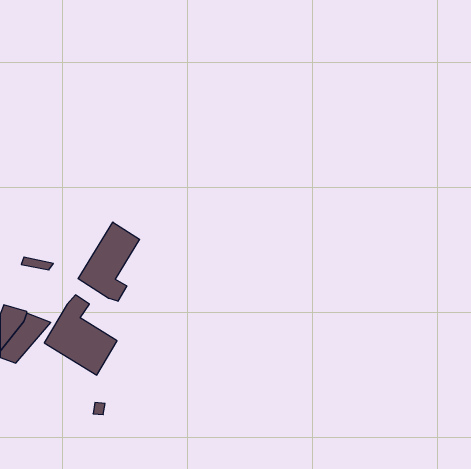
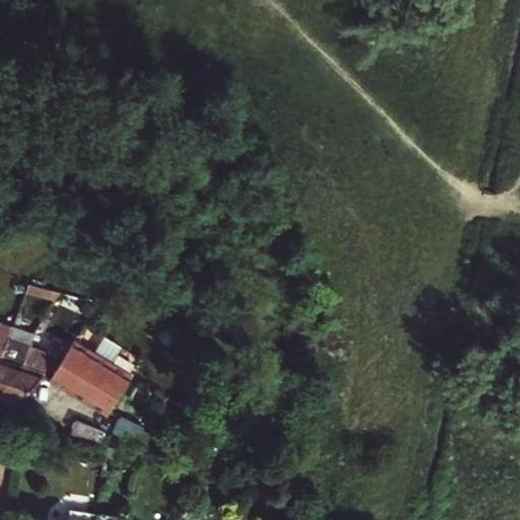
building: [78,222,140,301] -> none

